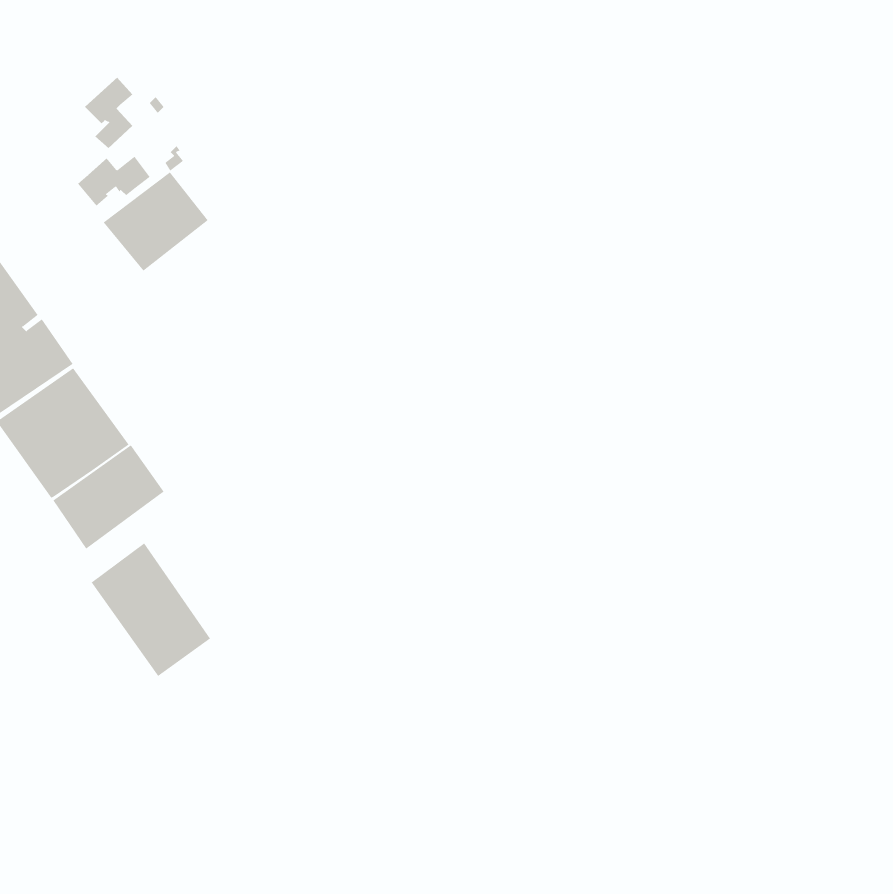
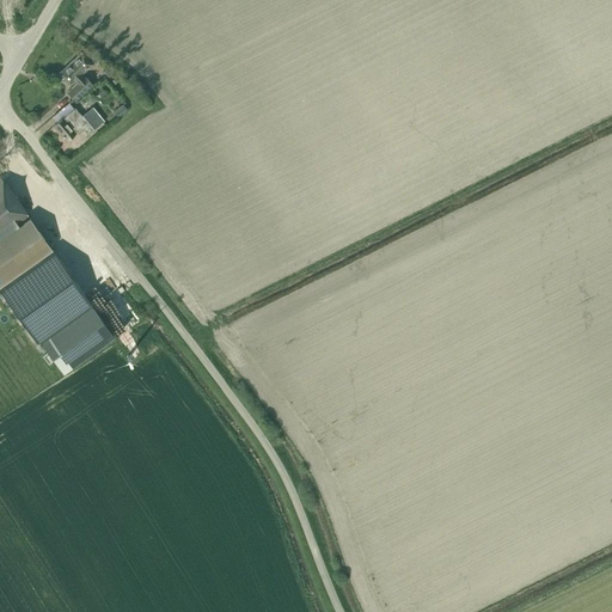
building: [103,171,209,272] -> none
building: [91,542,211,677] -> none

